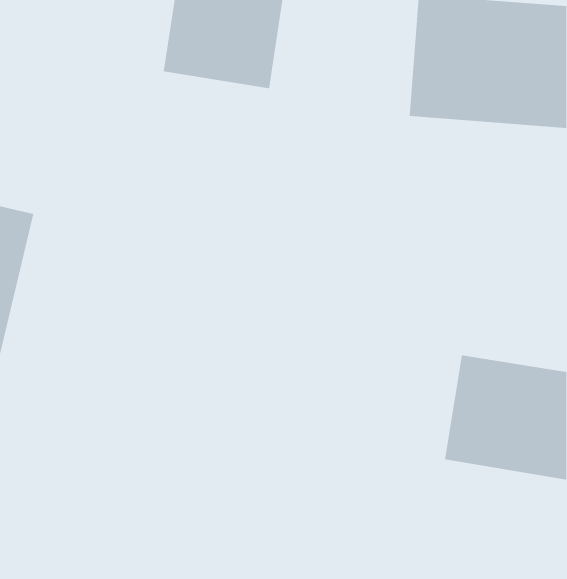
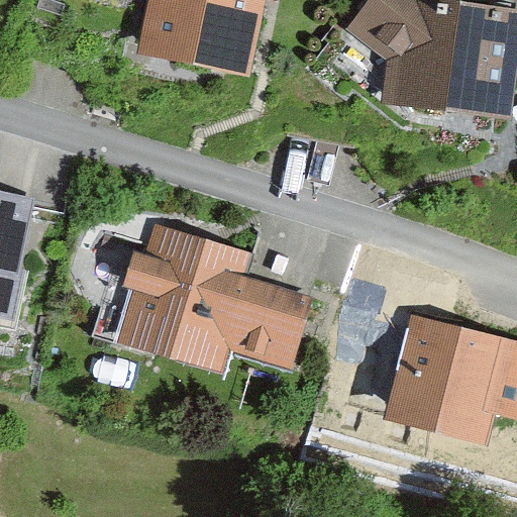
building: none -> [126,228,307,375]

